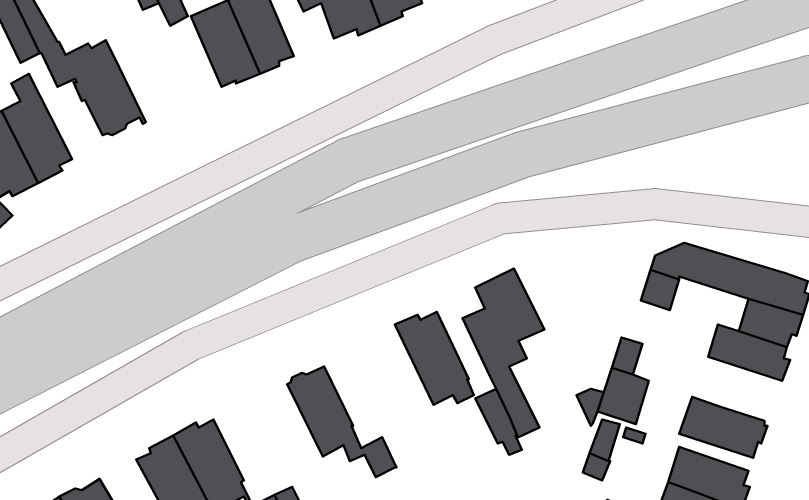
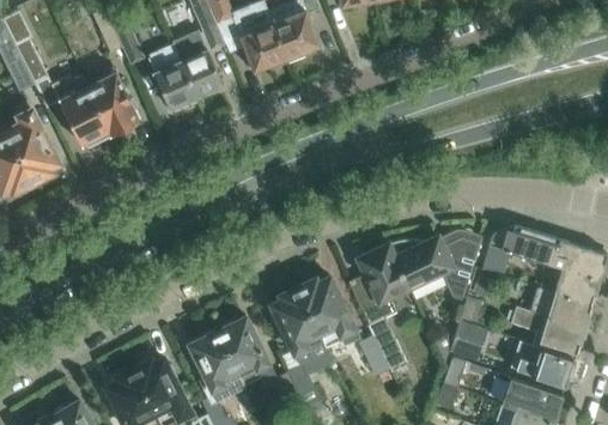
building: none -> [87,65,140,135]
building: none -> [387,230,481,298]
building: none -> [272,286,335,406]
building: none -> [506,305,586,358]
building: none -> [189,330,245,402]

